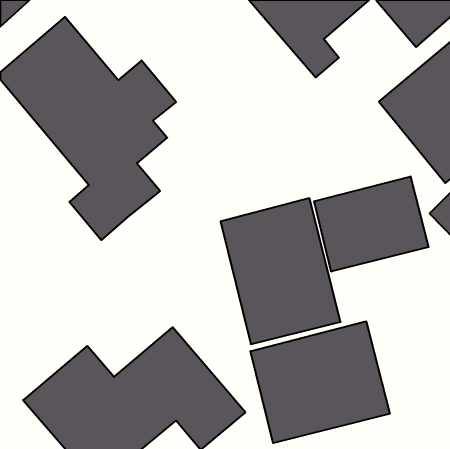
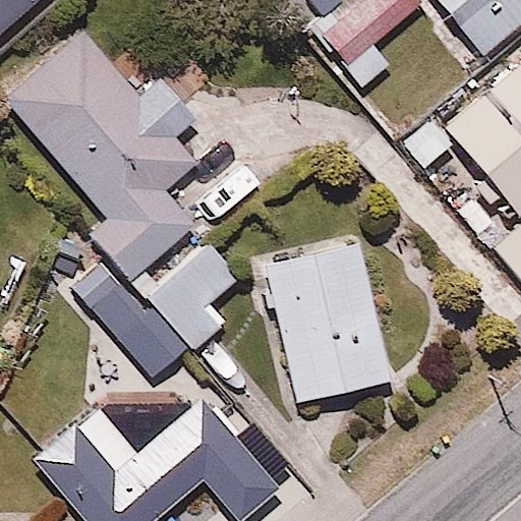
building: [314,176,429,272] -> none
building: none -> [102,240,245,384]
building: [251,321,390,443] -> none

